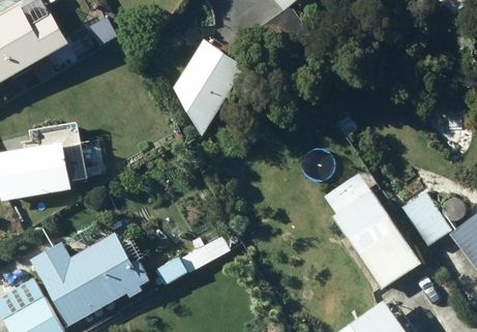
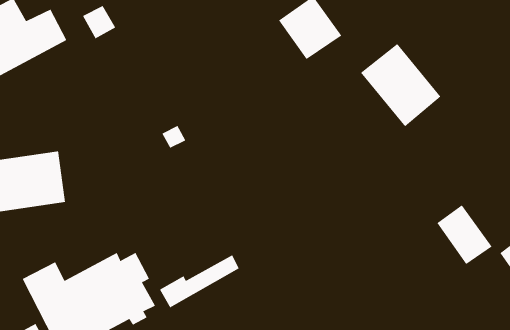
building: [170,35,243,129] -> none
building: none -> [360,43,441,127]
building: [332,189,419,285] -> none

